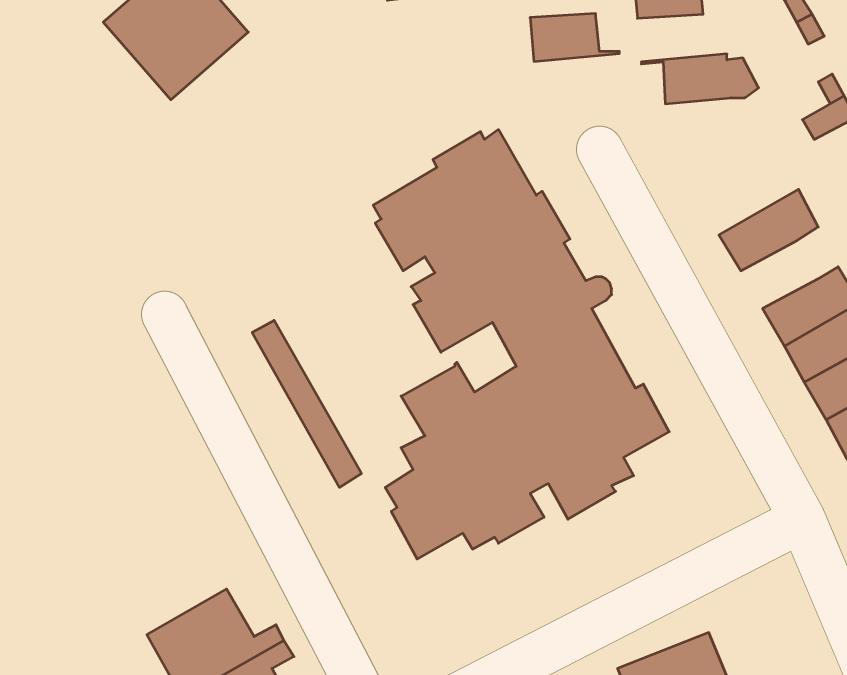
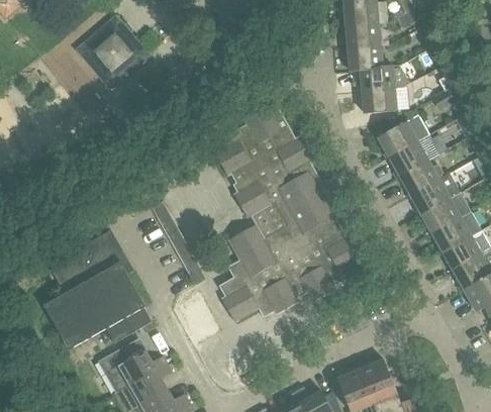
building: [530,14,619,61] -> [347,45,392,70]
building: none -> [361,88,396,113]
building: none -> [377,114,428,158]
building: none -> [399,161,441,195]
building: none -> [43,229,152,349]

